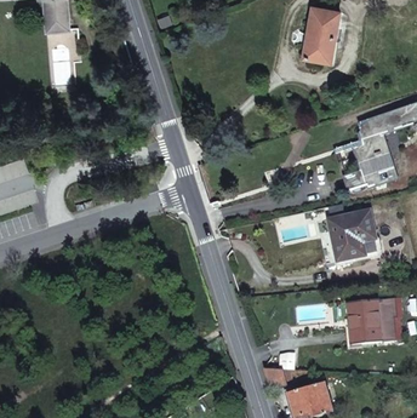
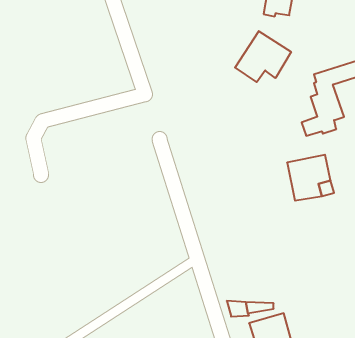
building: none -> [235,31,291,82]
building: [348,298,396,344] -> none

